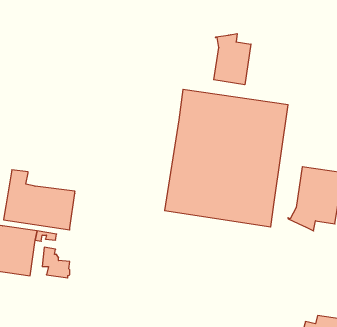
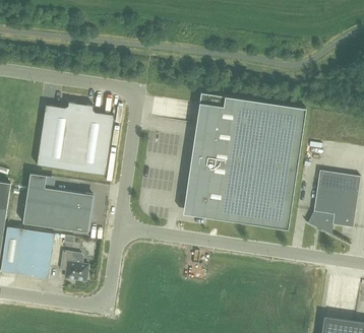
building: [214,34,251,85] -> none
building: none -> [36,103,114,176]

